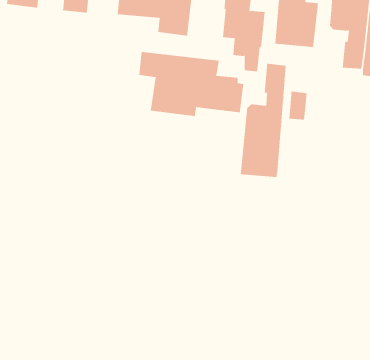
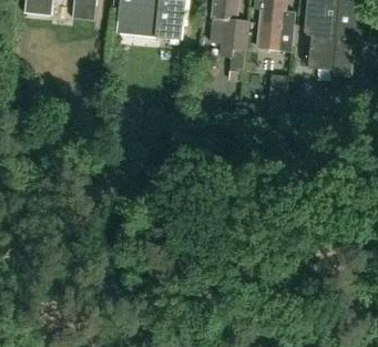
building: [139,51,244,117] -> none
building: [240,63,286,178] -> none

